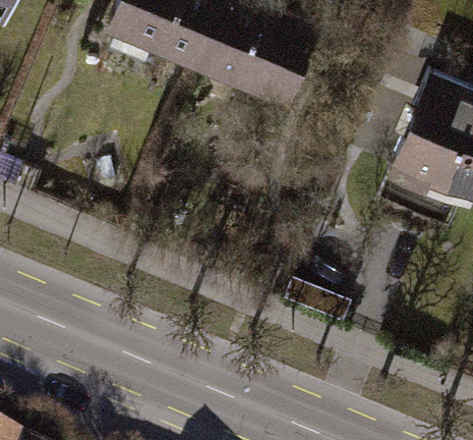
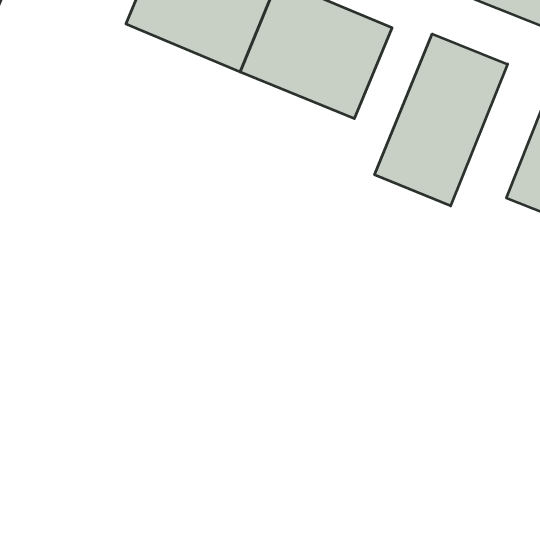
building: none -> [375,34,508,206]

